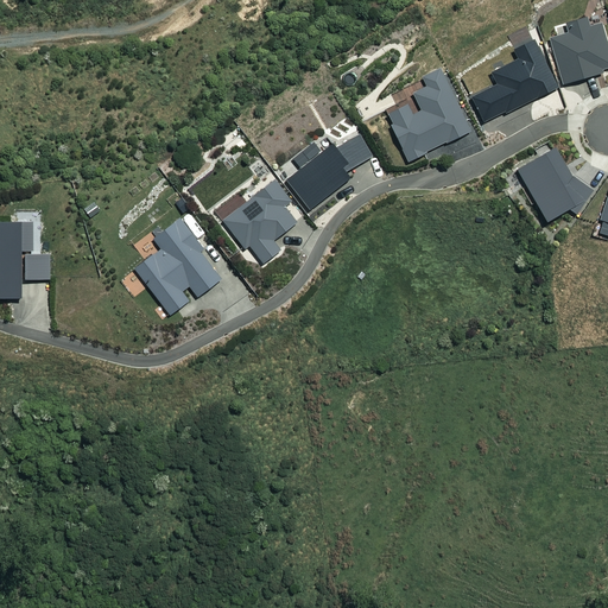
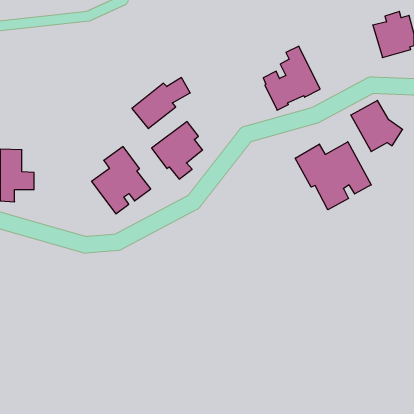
building: [469,39,557,122] -> none
building: [286,132,372,207] -> [132,78,190,129]
building: none -> [295,142,371,210]

